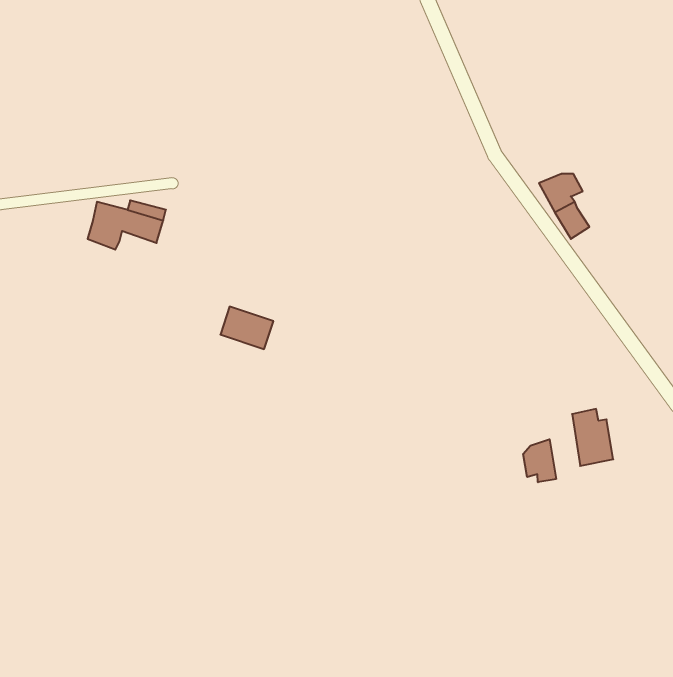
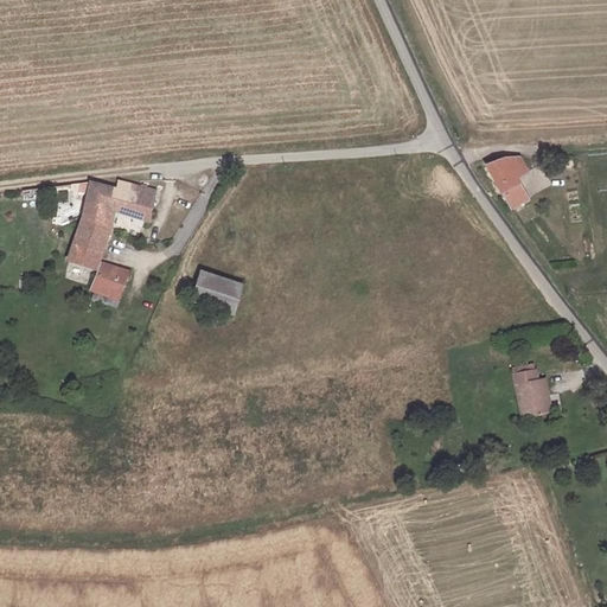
building: none -> [66,213,108,266]
building: none -> [89,261,124,296]
building: [523,439,556,482] -> none

